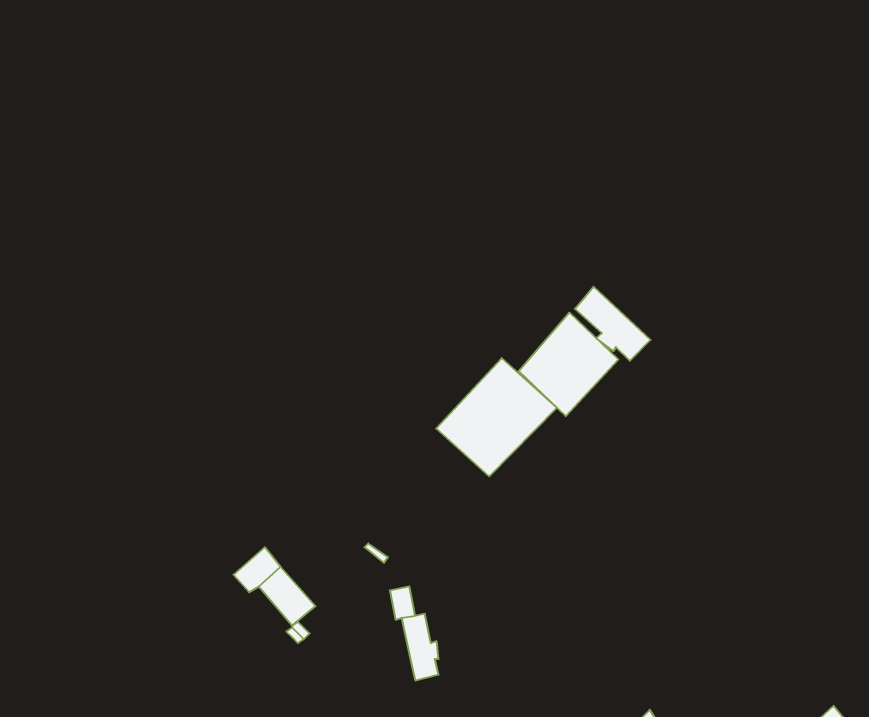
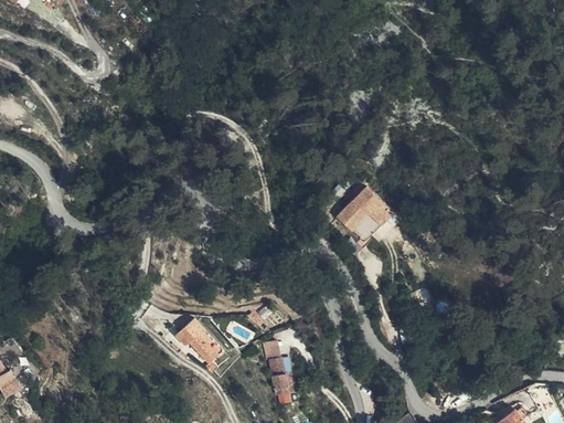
building: [575,287,651,361] -> none
building: [436,358,557,476] -> none

